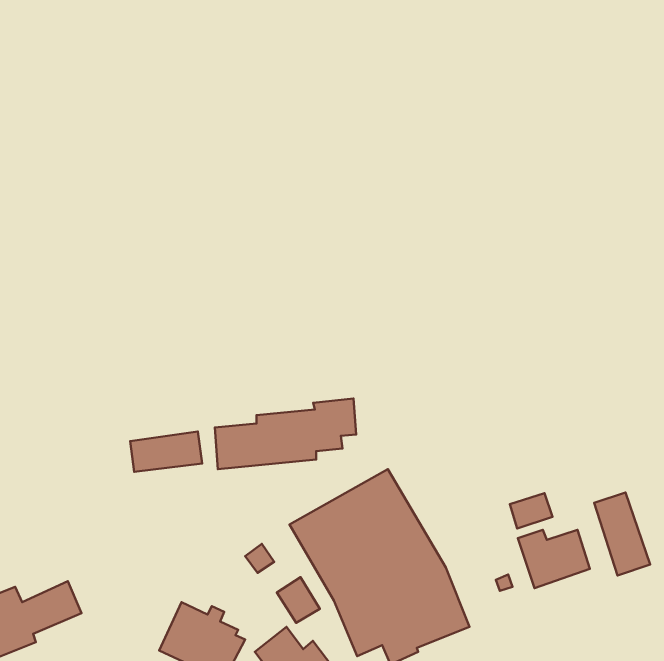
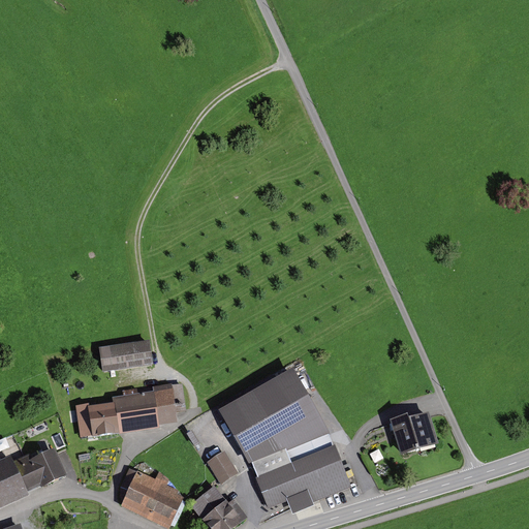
building: [215,399,356,469] -> [81,383,186,436]
building: [594,493,650,575] -> none
building: [510,493,553,529] -> none

